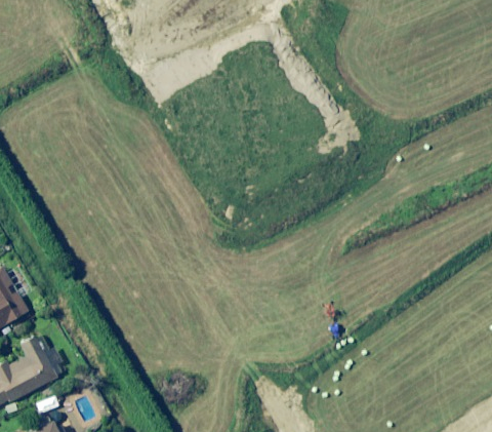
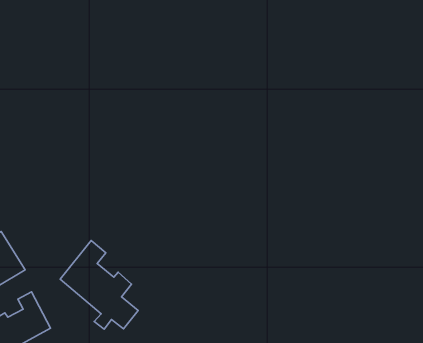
building: none -> [60,241,138,329]

